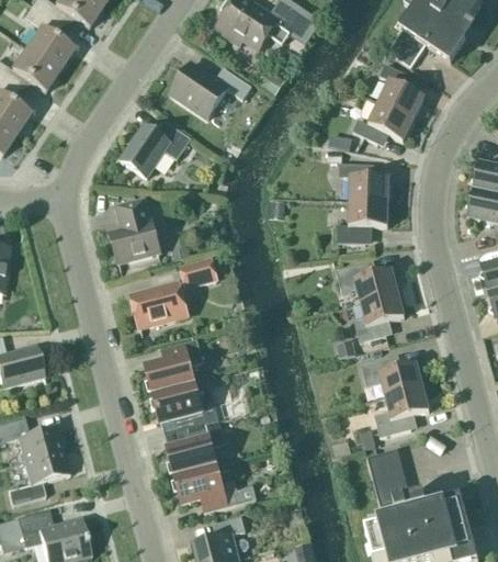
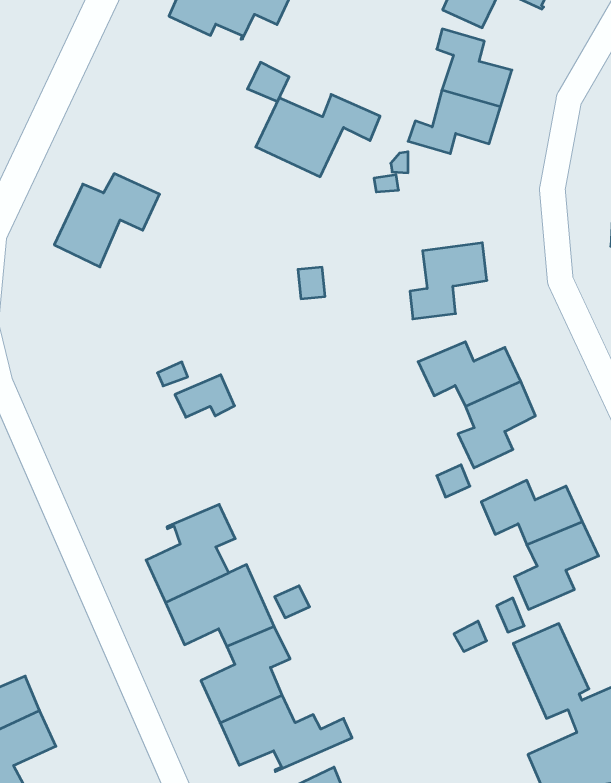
building: [170,64,251,117] -> [256,94,380,177]
building: [339,164,388,202] -> none
building: [110,199,160,273] -> none
building: [131,282,186,338] -> none

